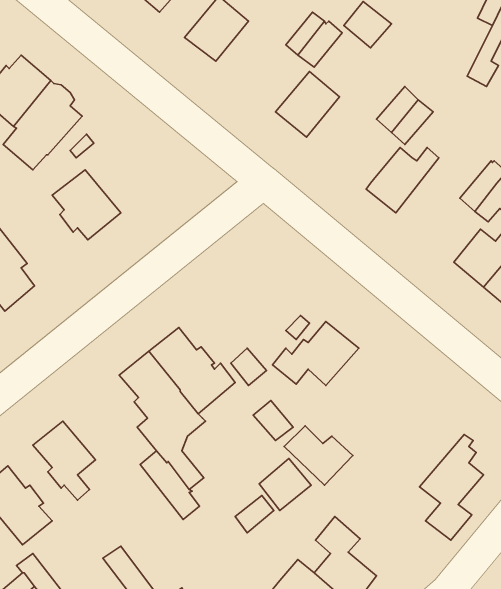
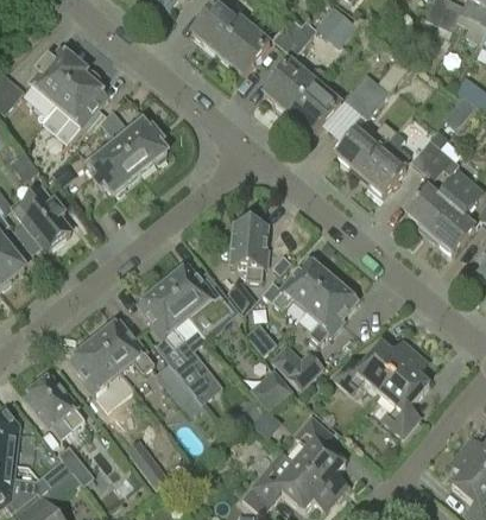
building: none -> [215,20,269,75]
building: none -> [288,81,341,135]
building: none -> [111,116,166,173]
building: none -> [359,129,410,194]
building: none -> [232,223,267,281]
building: none -> [303,281,352,342]
building: none -> [93,319,152,373]
building: none -> [333,341,414,392]

